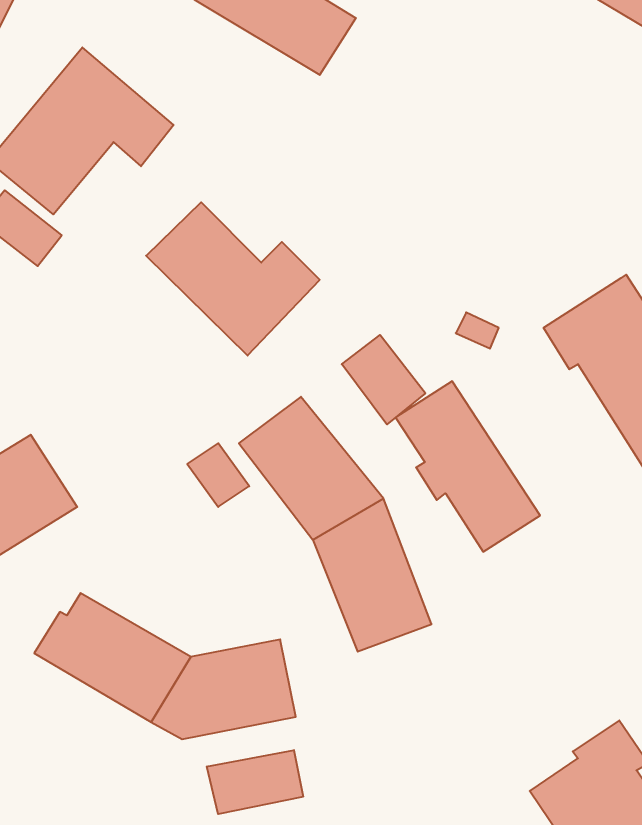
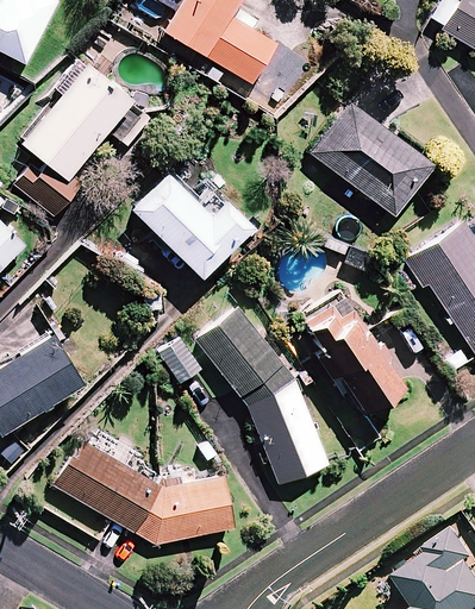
building: none -> [310,101,433,216]
building: [342,335,425,424] -> none
building: [207,750,303,814] -> none

